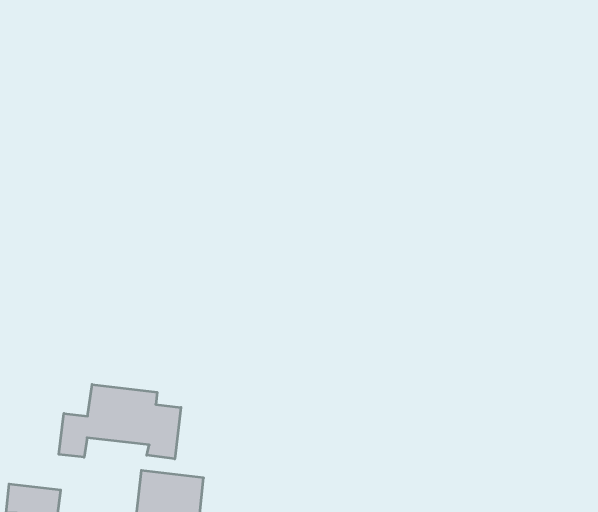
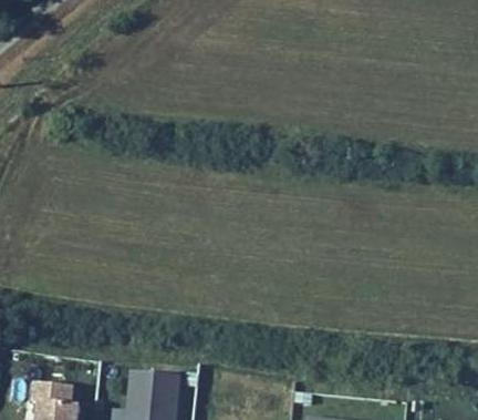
building: [59,384,181,459] -> none

